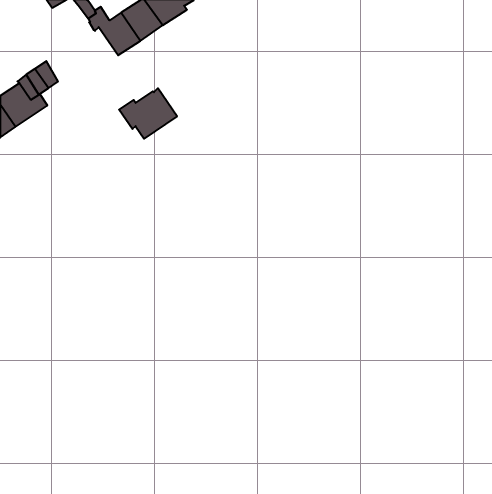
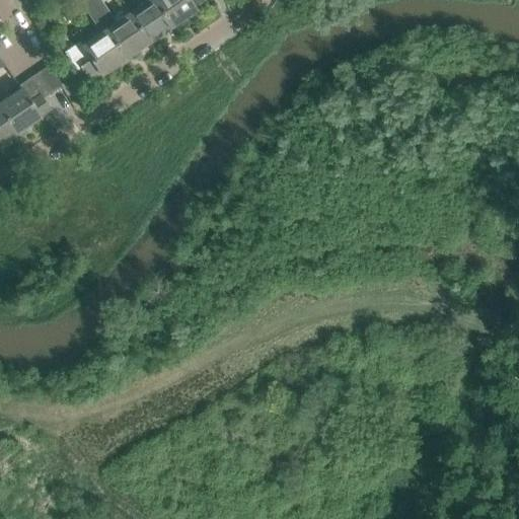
building: [119,88,177,139] -> [66,28,127,81]

